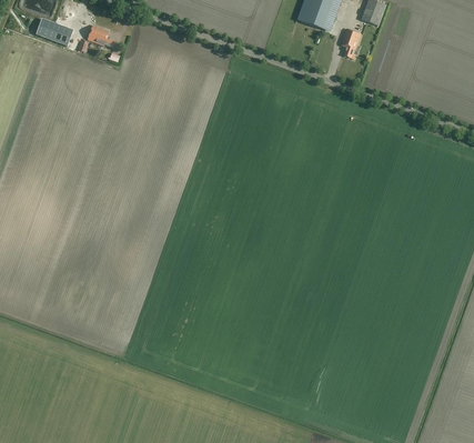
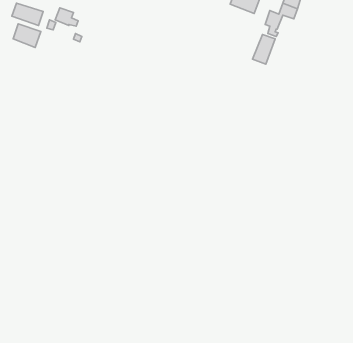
building: none -> [13,24,41,47]
building: none -> [253,35,275,64]

